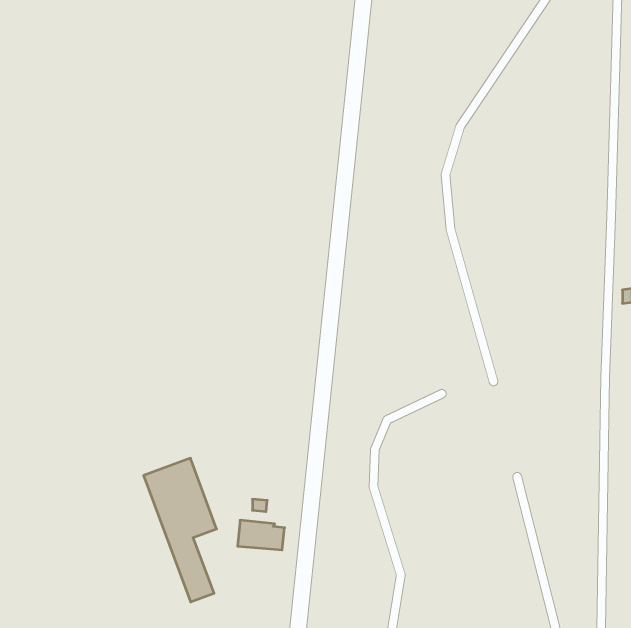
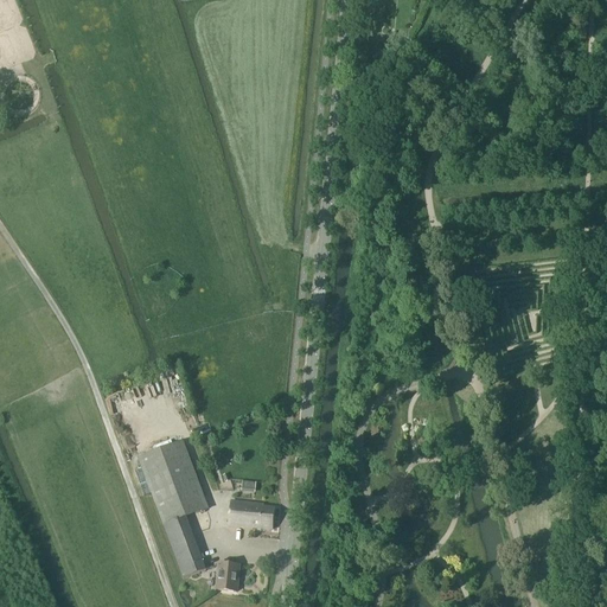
building: none -> [217,561,239,589]

